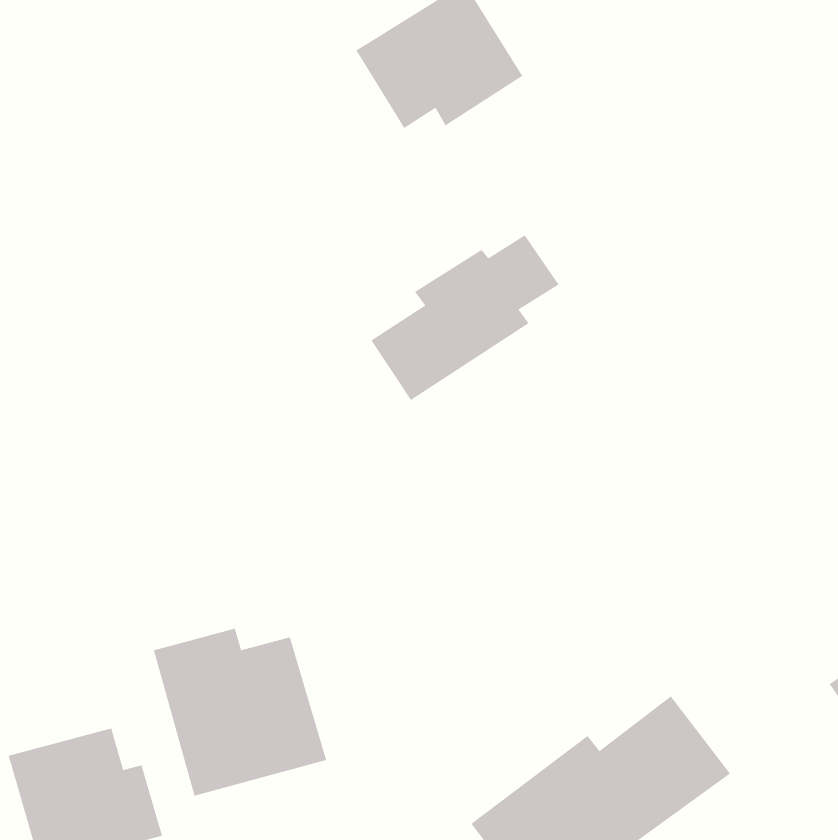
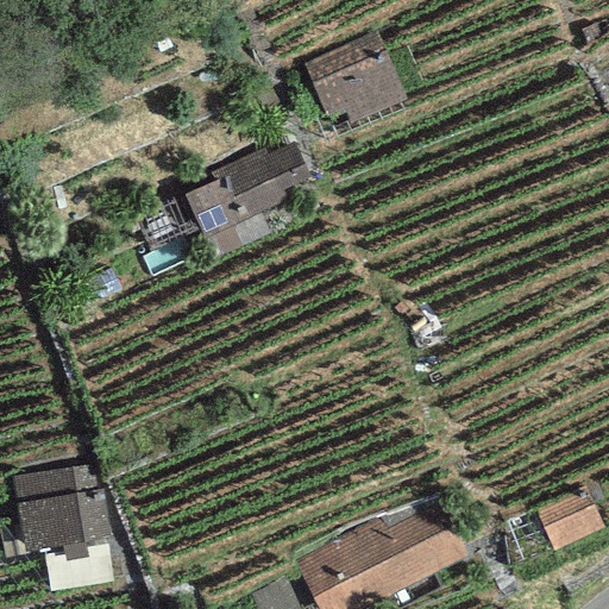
building: [371,235,559,401] -> [187,144,310,237]
building: [153,628,327,797] -> none

